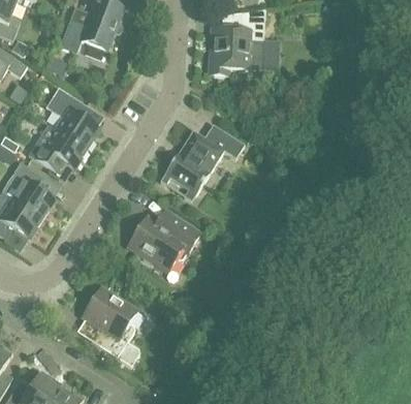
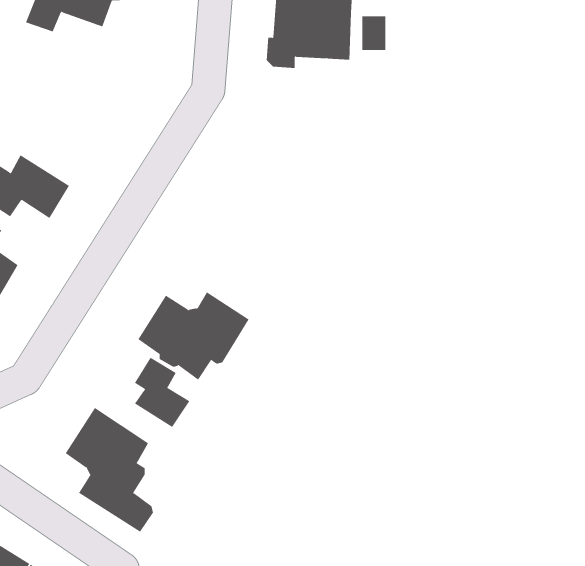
building: [49,87,99,149] -> none
building: [159,124,244,200] -> none
building: none -> [134,357,190,428]

